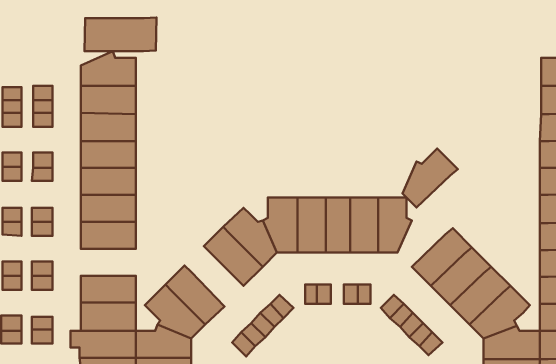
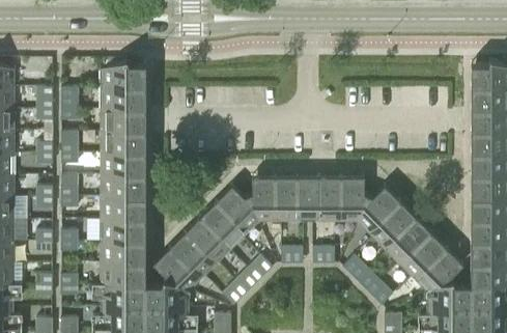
building: [84,17,156,51] -> none
building: [403,149,458,208] -> [356,185,400,232]
building: none -> [184,216,231,265]
building: none -> [100,218,144,240]

